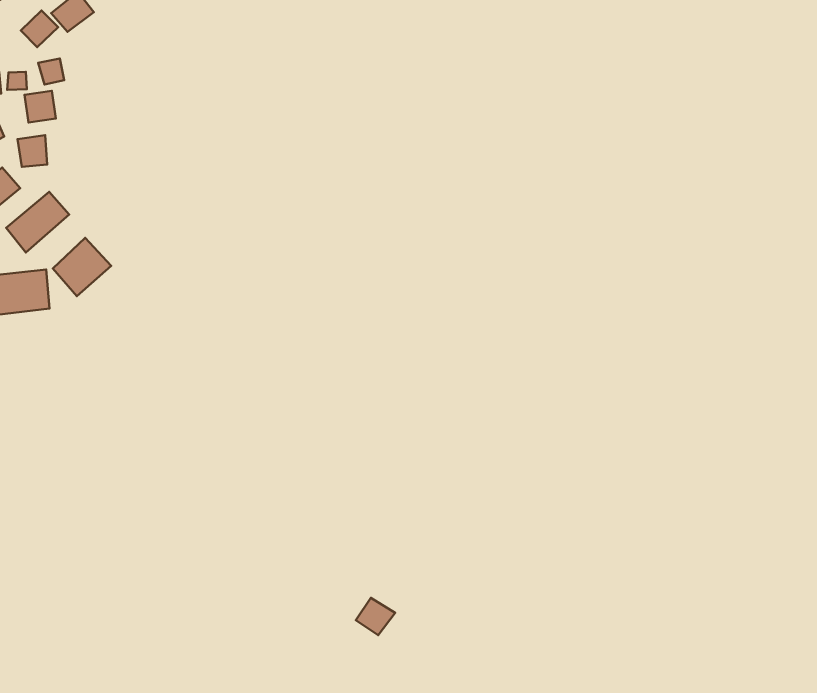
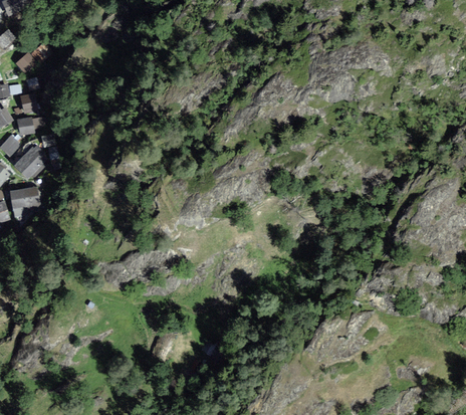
building: [53,238,111,296] -> none

